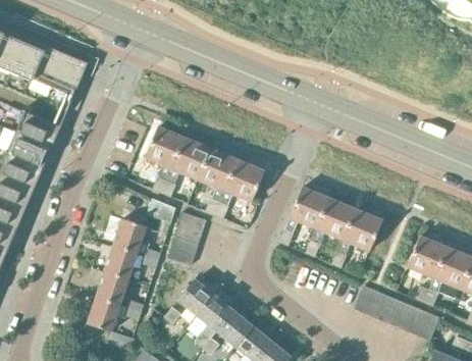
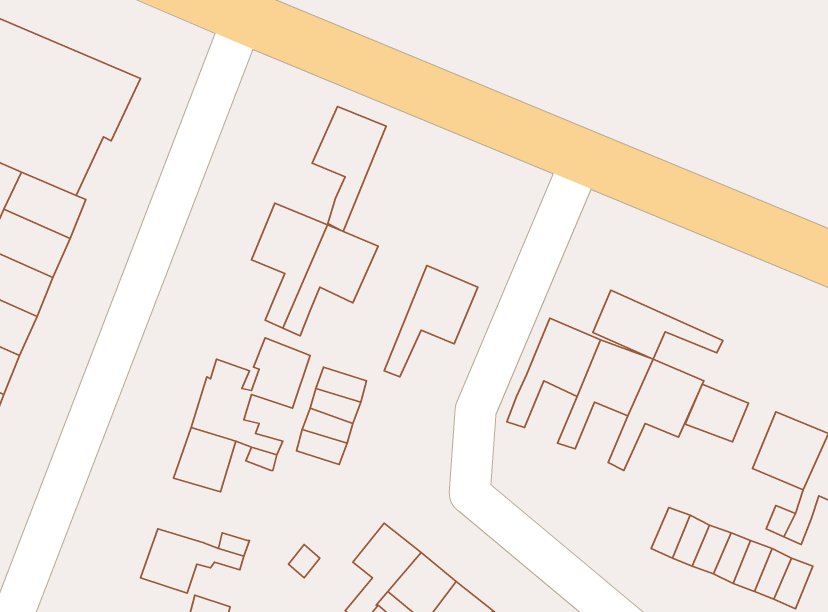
building: [199,150,238,215] -> [312,107,386,231]
building: none -> [593,290,723,359]
building: none -> [685,384,749,442]
building: [97,271,129,305] -> none
building: [179,279,215,315] -> none

